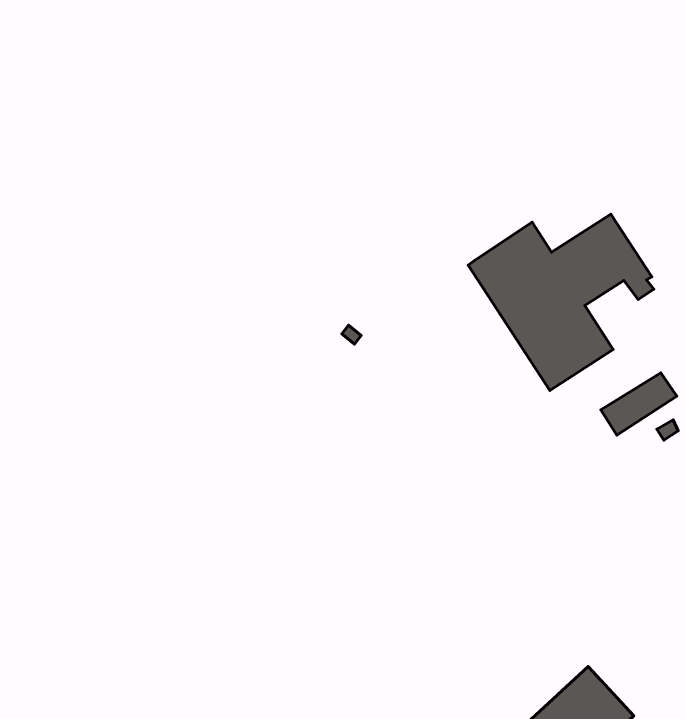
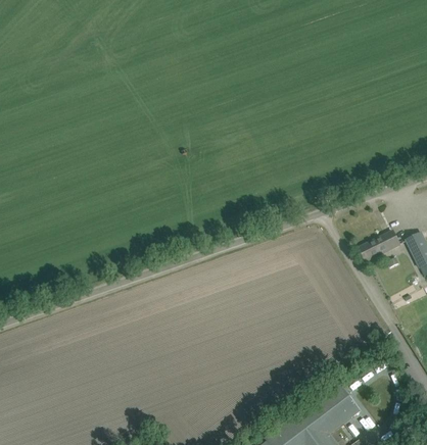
building: [468,214,654,391] -> none

